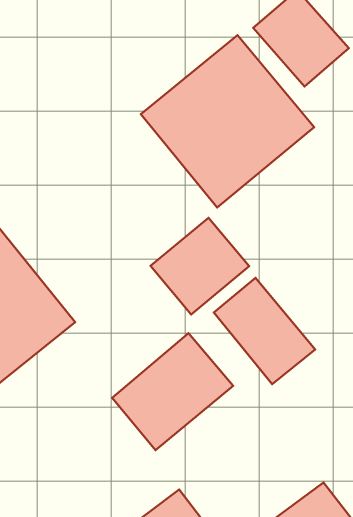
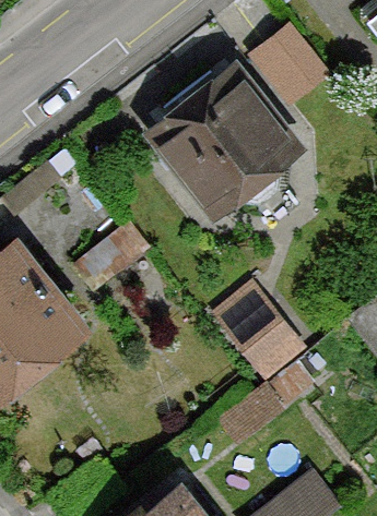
building: [150,218,249,314] -> none
building: [112,333,233,450] -> none

